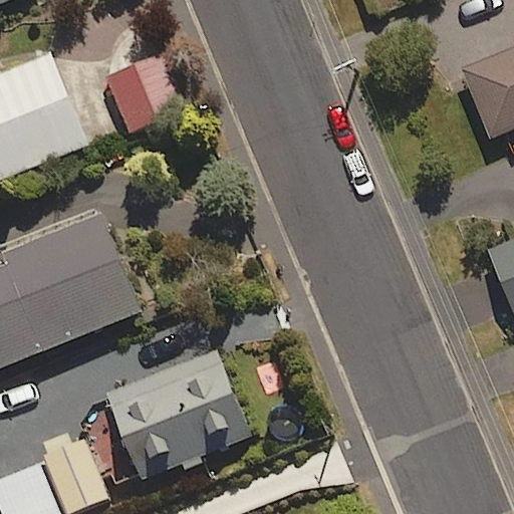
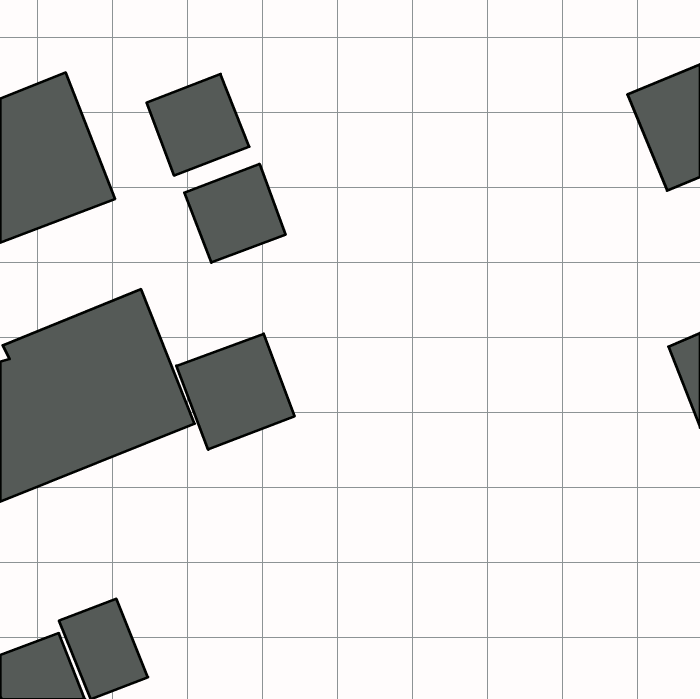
building: none -> [184,164,285,263]
building: none -> [176,334,294,450]
building: [105,351,252,479] -> none

